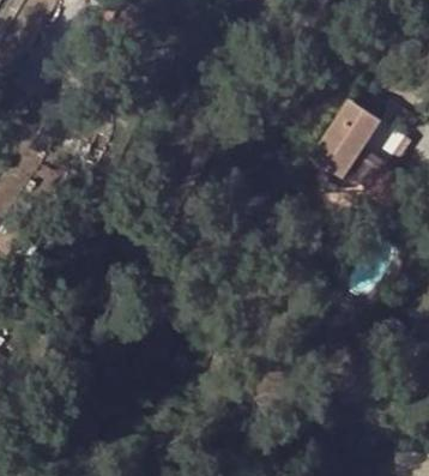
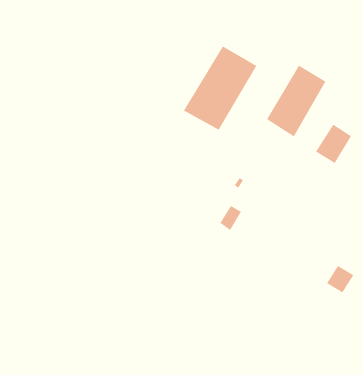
building: none -> [183,45,257,131]

